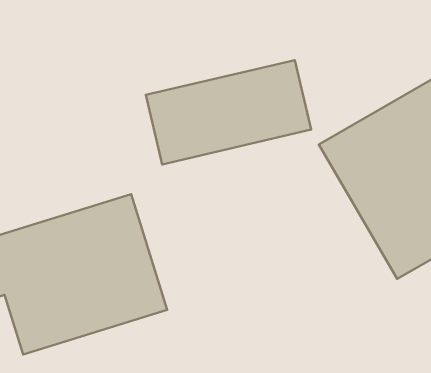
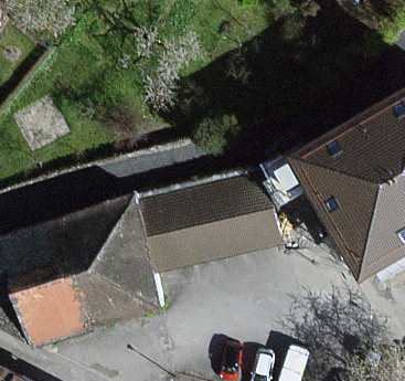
building: [146,60,311,164] -> [142,176,289,268]

